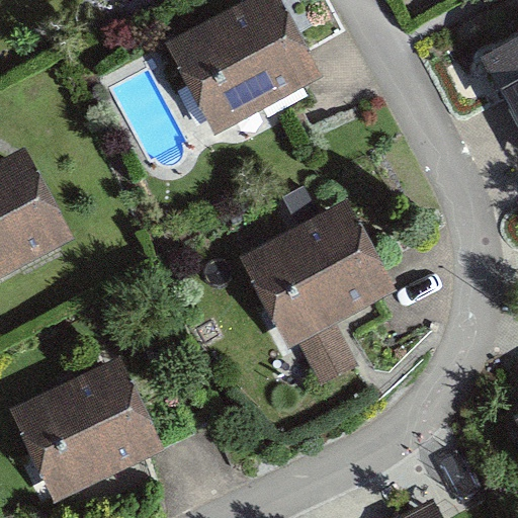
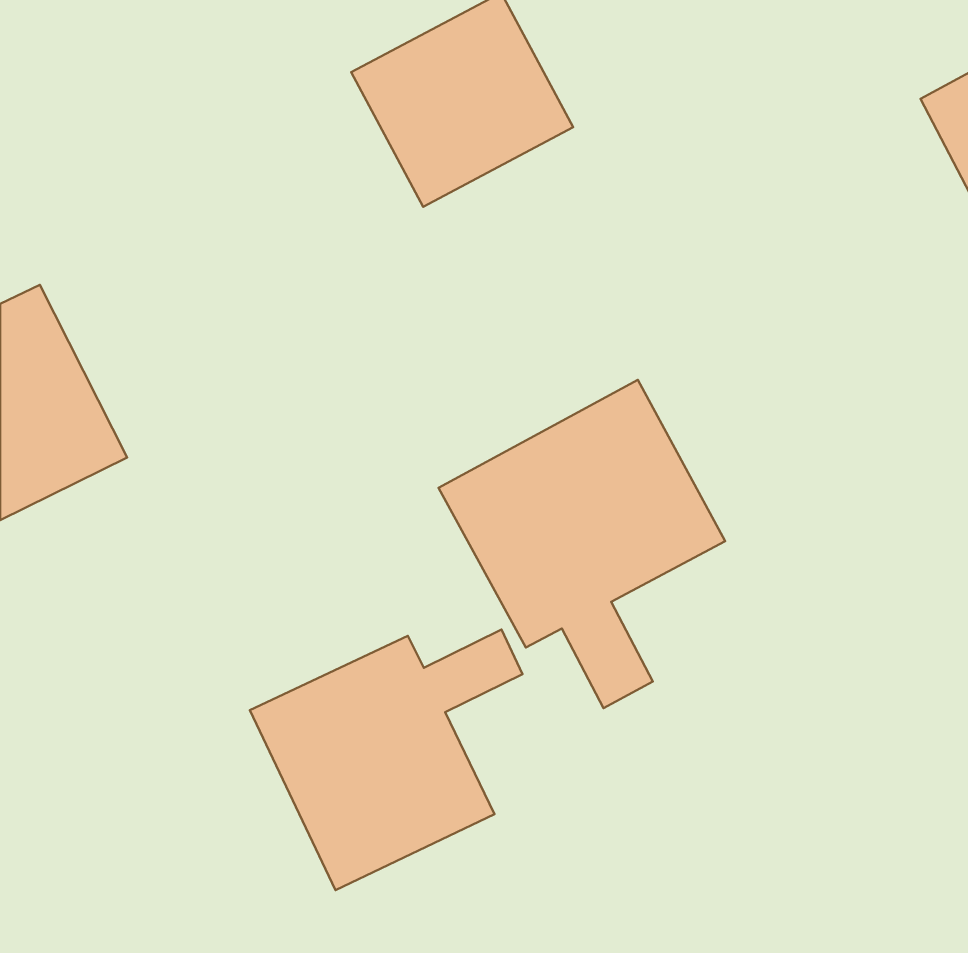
building: none -> [250,630,523,890]
building: [11,361,158,500] -> none

